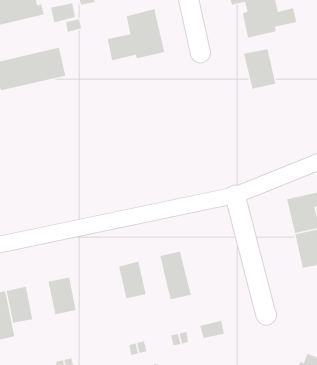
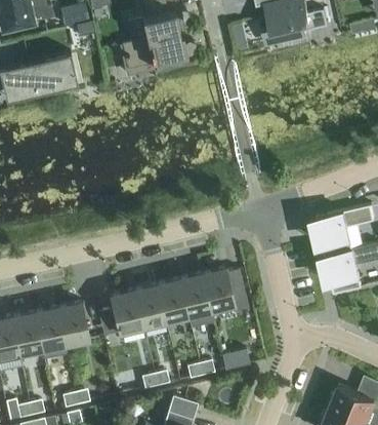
building: [243,49,276,90] -> none
building: none -> [202,268,248,312]
building: none -> [157,279,187,321]
building: none -> [110,291,142,333]
building: none -> [35,307,66,349]

